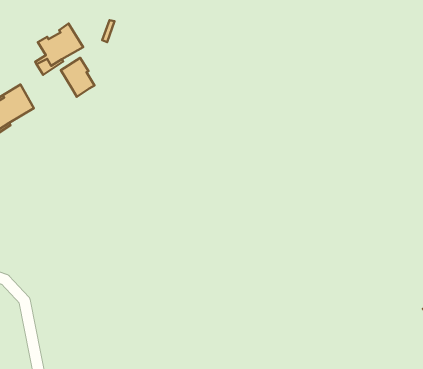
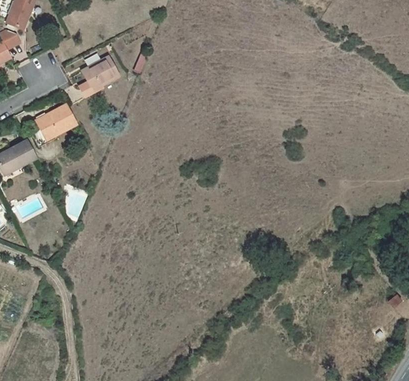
building: [61,58,95,97] -> none

